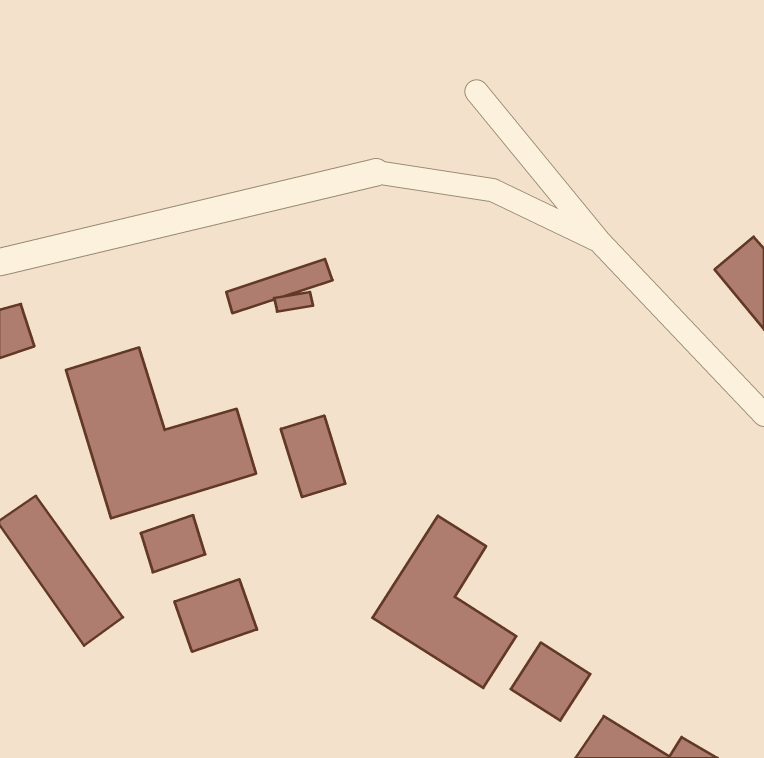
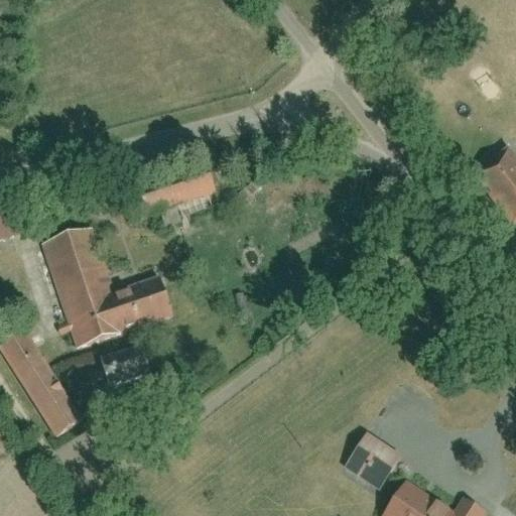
building: [281,416,345,497] -> none
building: [372,516,516,688] -> none
building: [175,579,257,652] -> none

